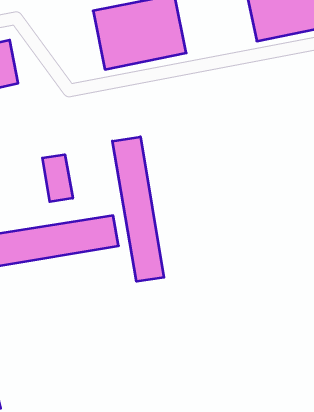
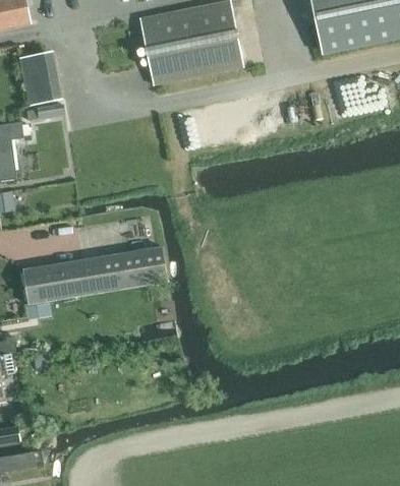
building: [112,137,164,281] -> none
building: [42,155,73,202] -> none

